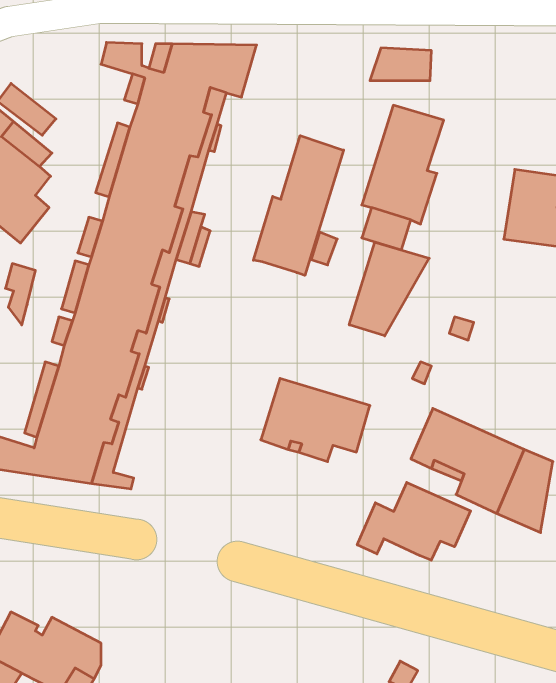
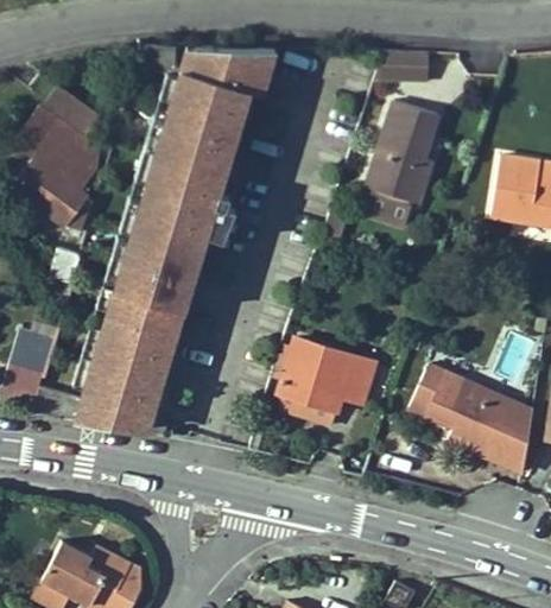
building: [253,136,344,275] -> none
building: [349,242,429,336] -> none
building: [357,482,471,560] -> none

